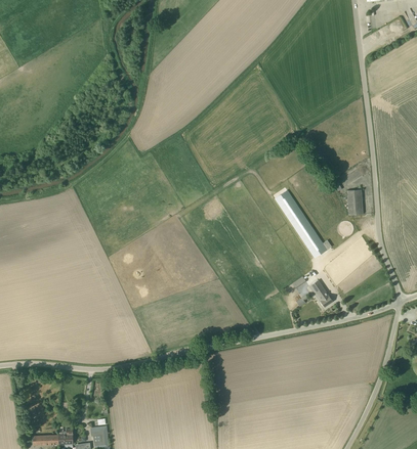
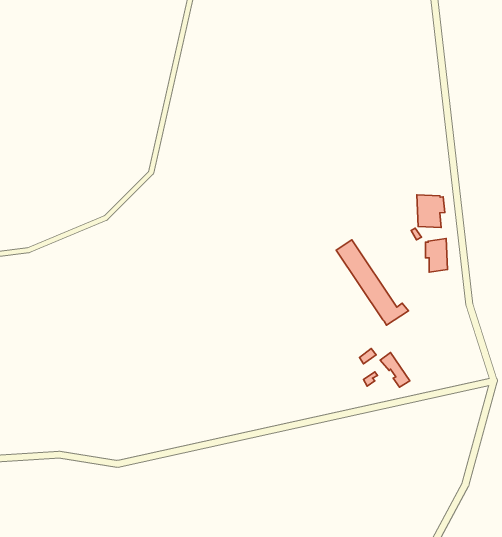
building: none -> [417,195,445,227]

